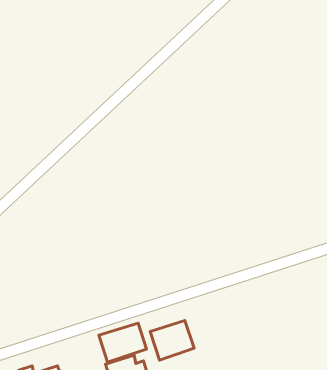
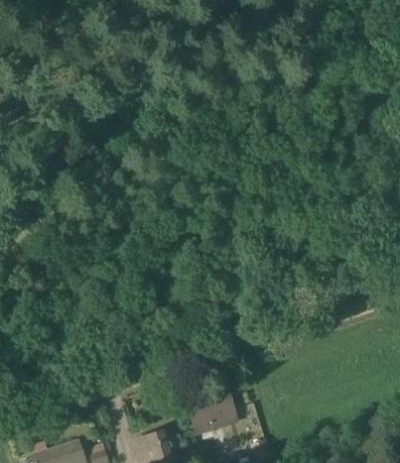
building: [99,323,146,362] -> none

